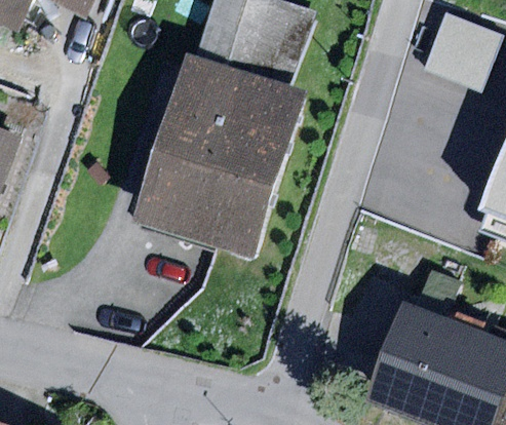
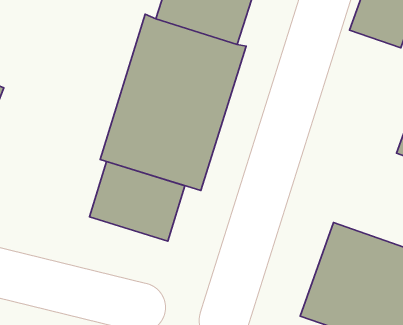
building: none -> [89,161,185,241]

